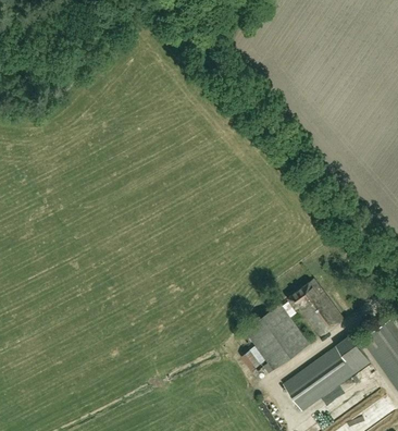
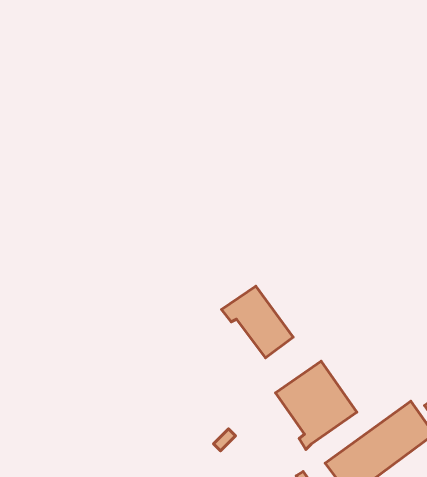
building: [288,280,345,336] -> [221,286,293,358]

